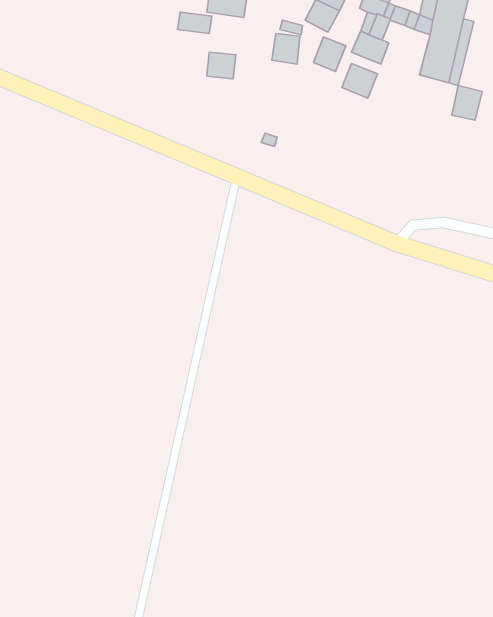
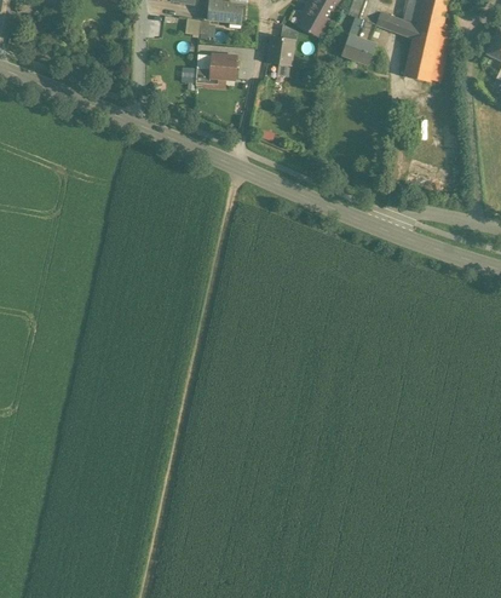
building: [313,37,346,71] -> none
building: [342,63,378,98] -> none
building: [452,85,482,120] -> none

